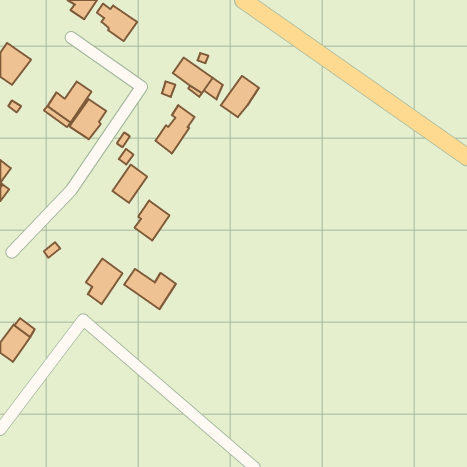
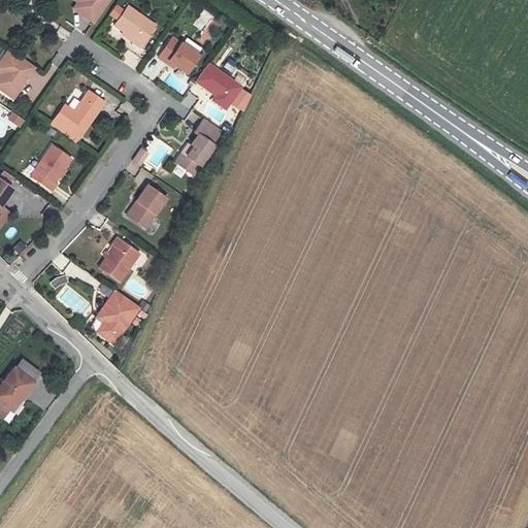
building: none -> [158,38,198,74]
building: [221,76,259,117] -> none
building: [70,99,106,139] -> [30,146,71,192]
building: [135,200,169,241] -> [100,237,139,283]
building: [124,269,176,309] -> none

